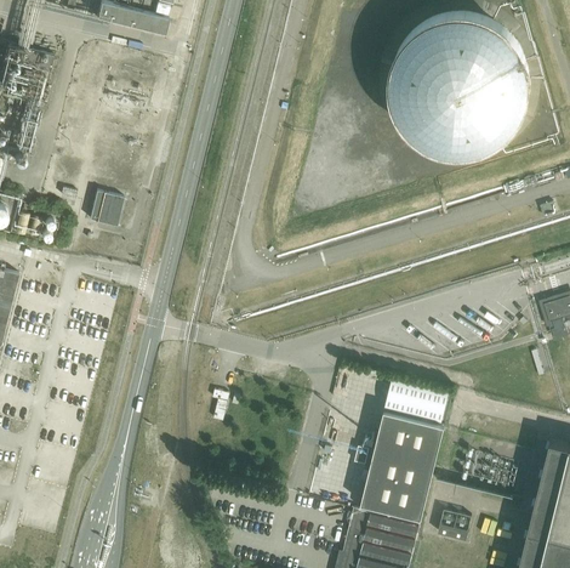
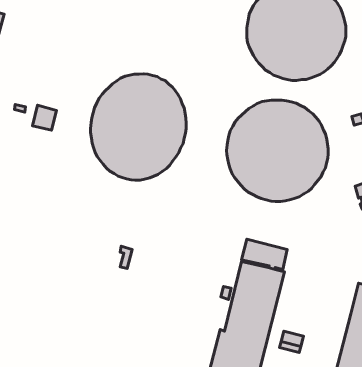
building: none -> [90,74,186,180]
building: none -> [226,100,328,202]

